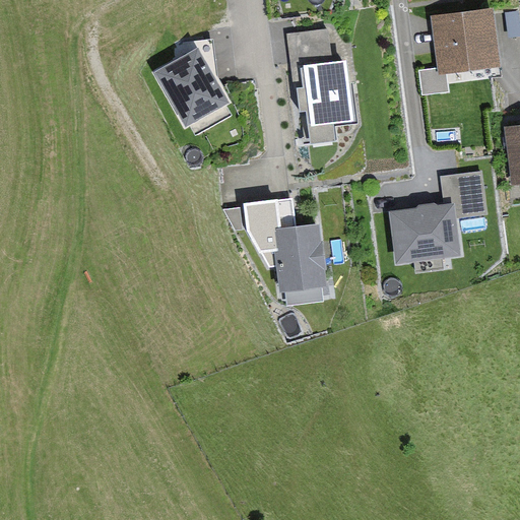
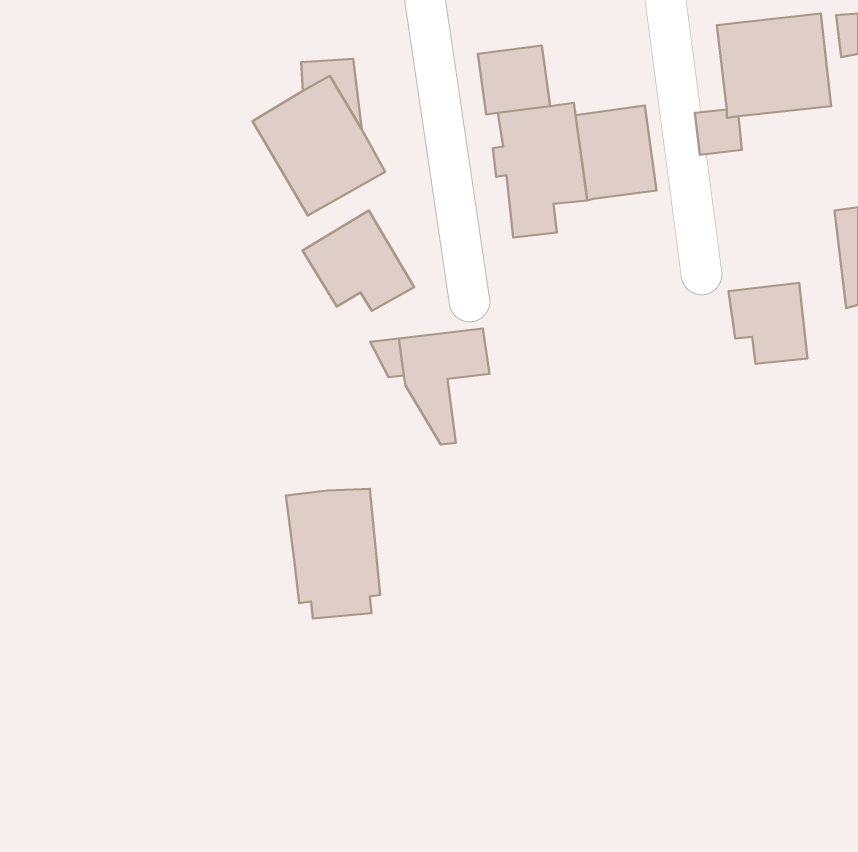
building: none -> [575,105,657,200]
building: none -> [302,210,414,311]
building: [389,201,461,263] -> none
building: [270,224,327,303] -> [286,489,380,618]

